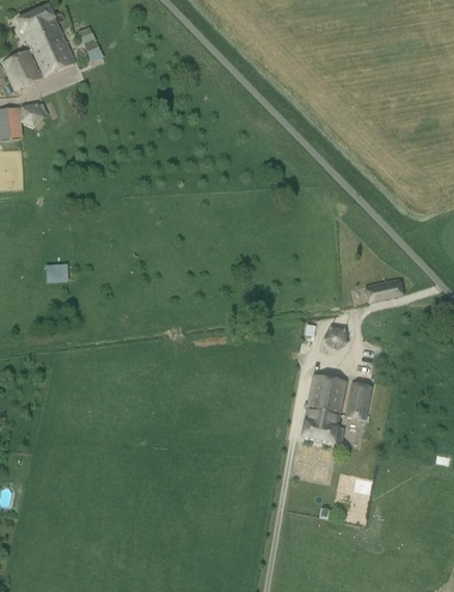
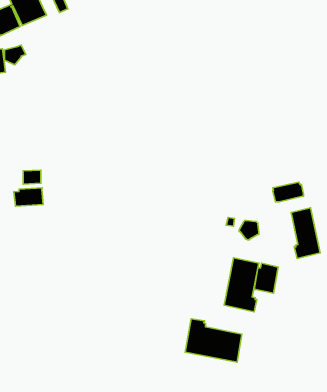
building: none -> [14,188,43,206]
building: none -> [291,208,320,258]
building: none -> [185,319,242,362]

